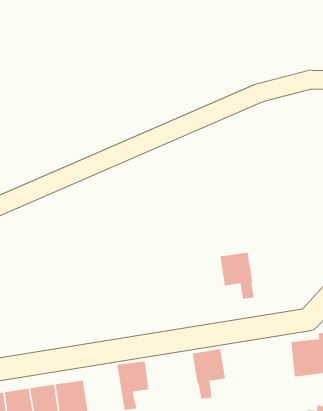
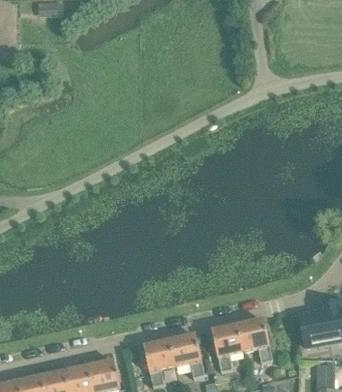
building: [219,252,254,299] -> [237,318,271,361]
building: none -> [169,332,204,375]

